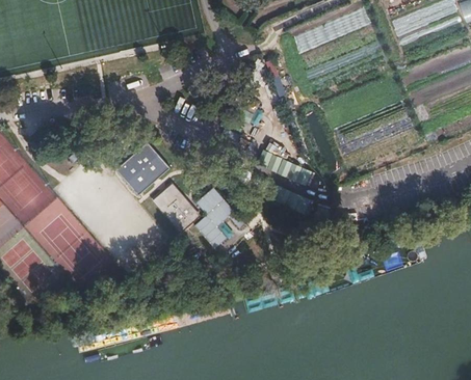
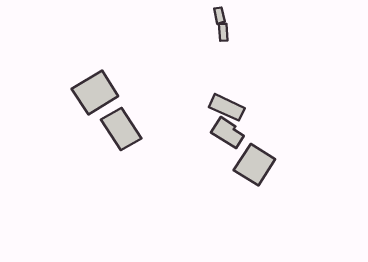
building: [195,188,233,250] -> none
building: none -> [233,144,275,186]

